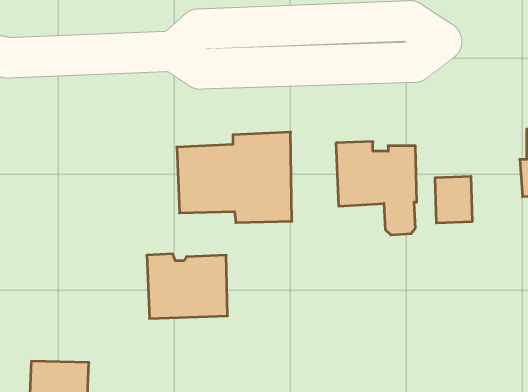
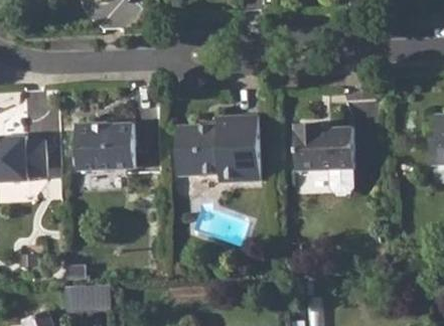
building: [435,176,472,223] -> none
building: [147,254,228,318] -> [76,121,135,168]

